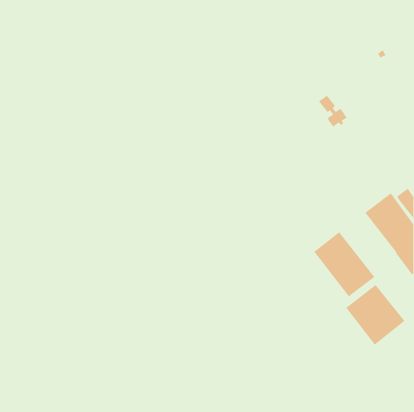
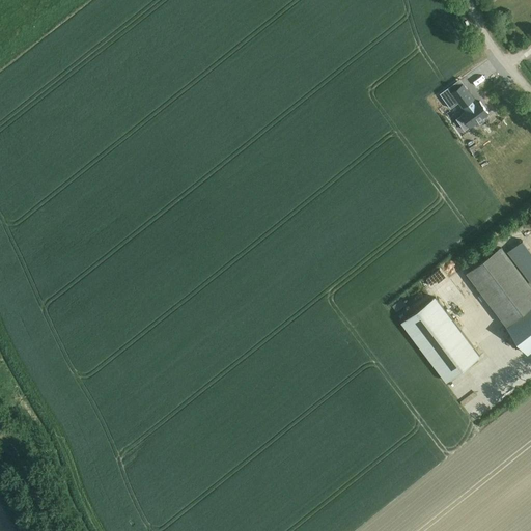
building: [318,95,347,127] -> [451,86,488,128]
building: [345,284,405,345] -> none

